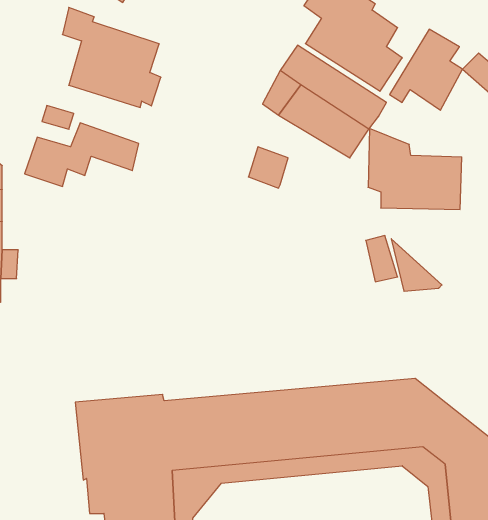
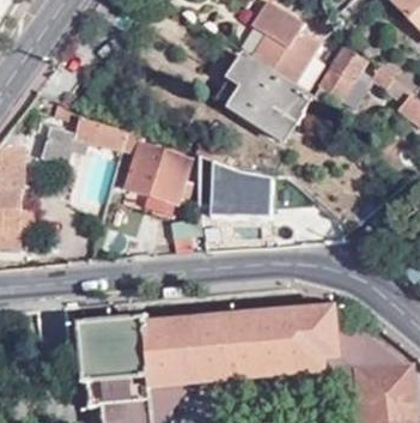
building: [62,7,161,107] -> [120,128,194,204]
building: [368,128,462,209] -> [201,157,272,218]

